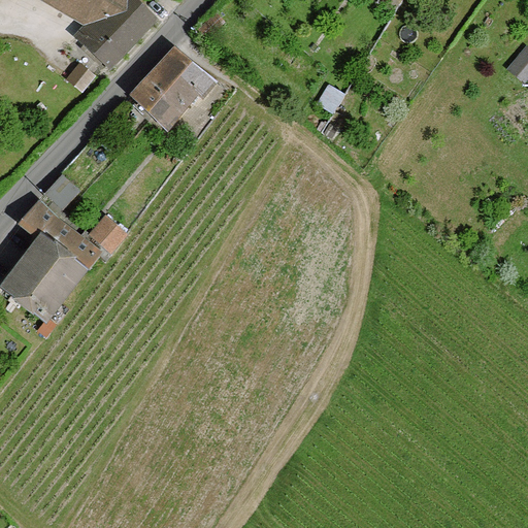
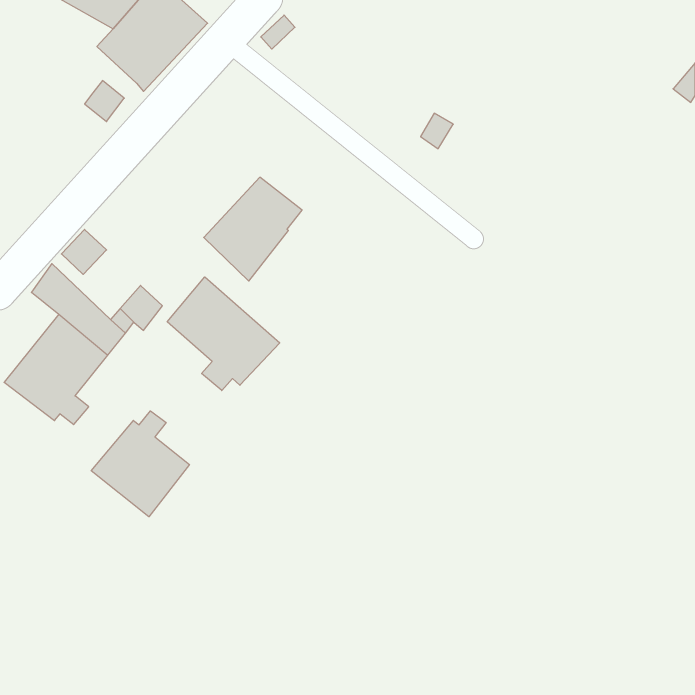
building: [132,51,206,129] -> [204,177,302,281]
building: none -> [167,277,280,391]
building: none -> [91,411,189,517]

